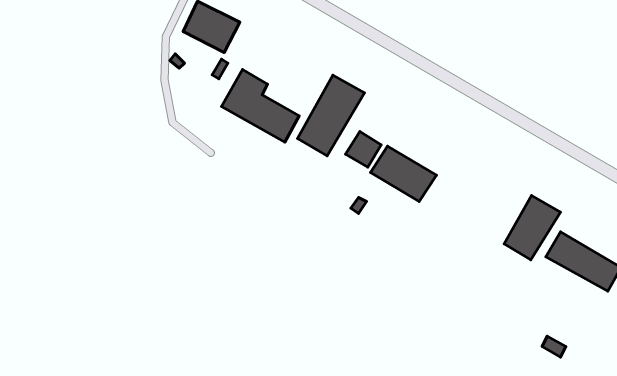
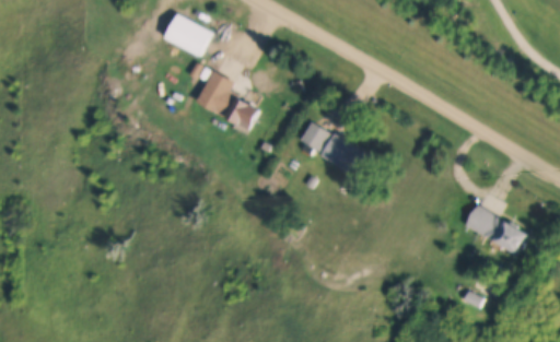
building: [298,75,364,156] -> none
building: [504,195,560,260] -> none

